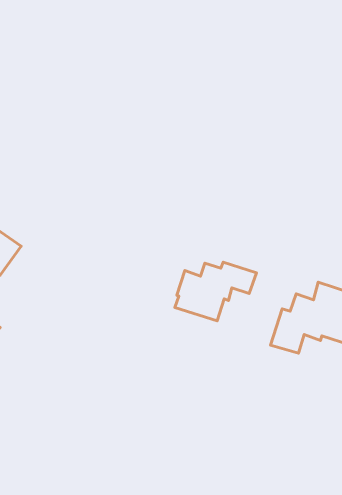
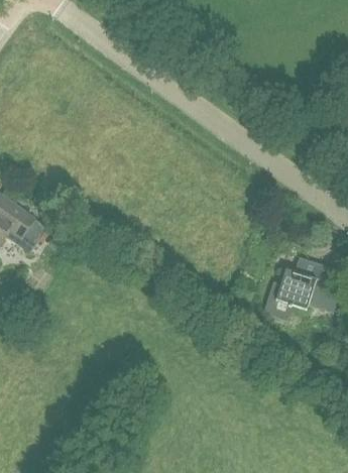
building: [175,262,257,321] -> none

